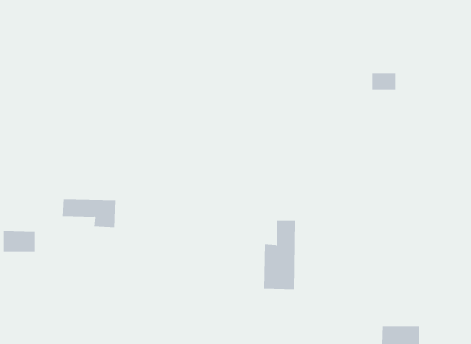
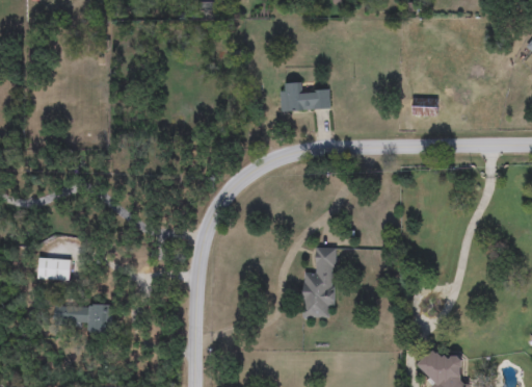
building: none -> [280,82,330,111]
building: [62,199,116,228] -> [55,304,110,333]

